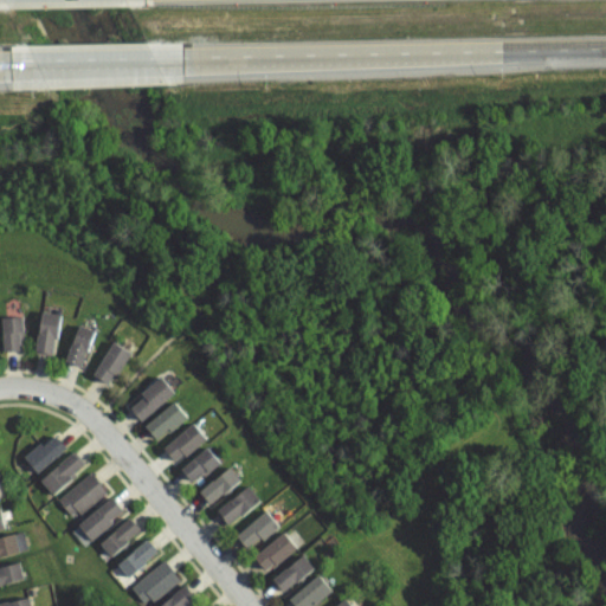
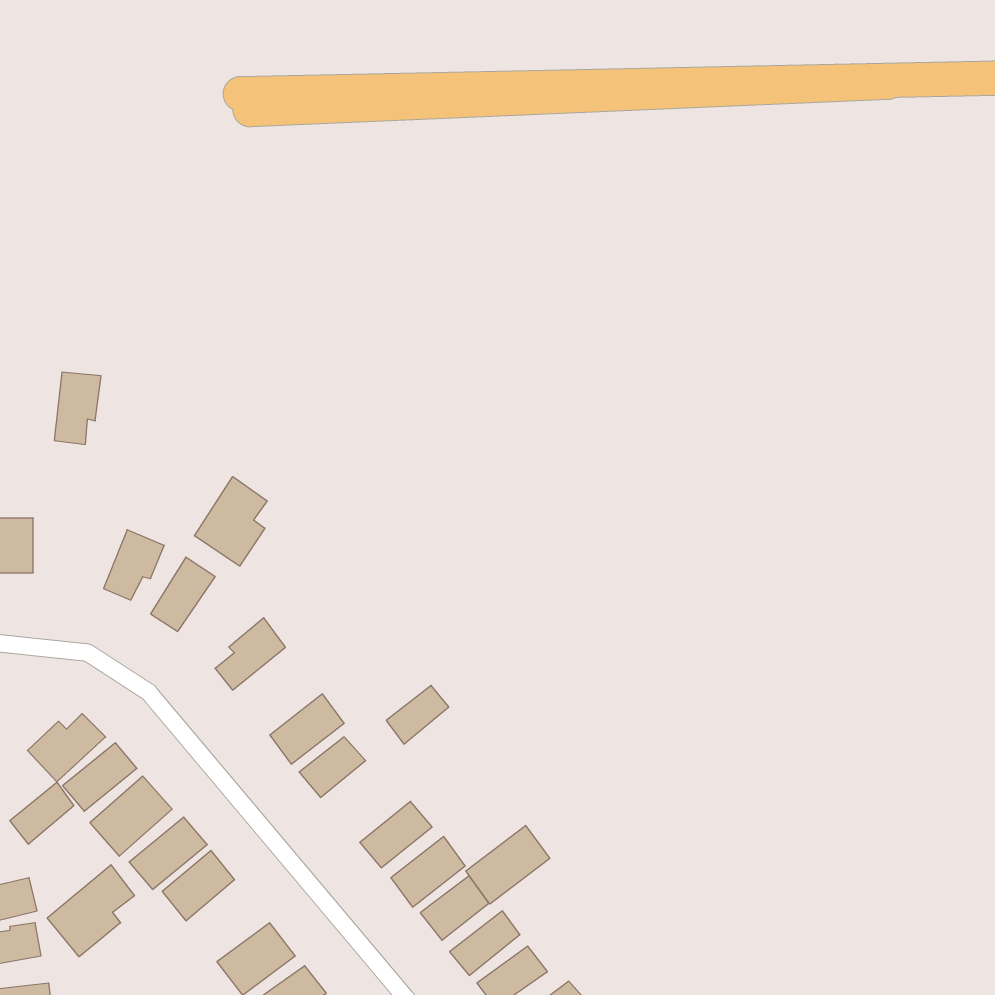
building: none -> [194,477,267,566]
building: [34,310,63,354] -> [54,372,101,444]
building: [146,402,188,443] -> none
building: [201,469,239,504] -> [386,685,449,744]
building: none -> [10,782,74,844]
building: none -> [466,825,550,904]
building: none -> [47,865,134,957]
building: [117,541,159,581] -> none

